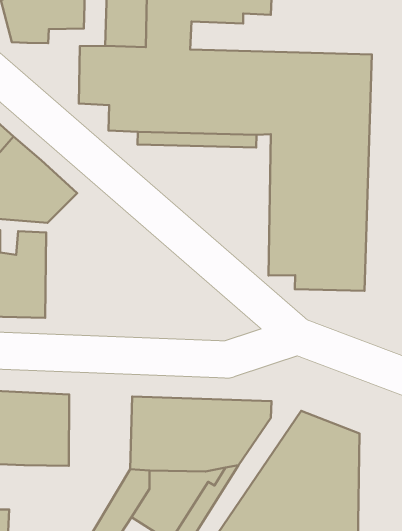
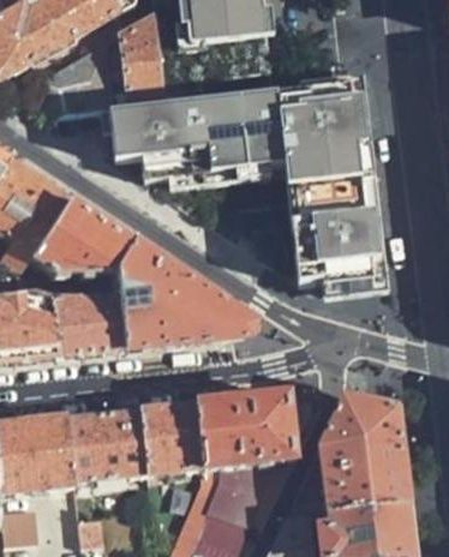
building: none -> [106,236,251,347]
building: none -> [145,403,206,471]

